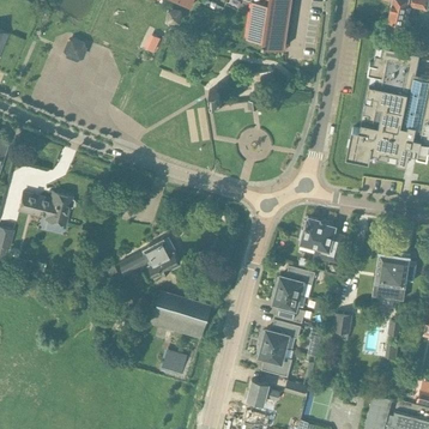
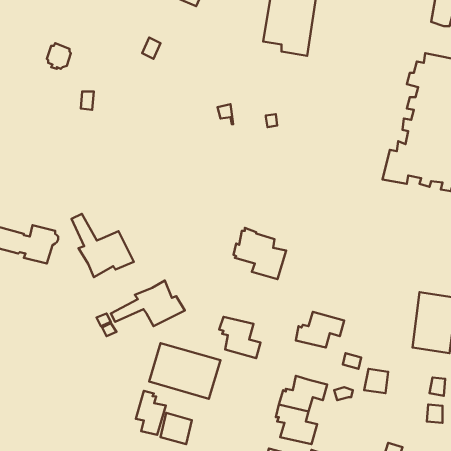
building: none -> [71,214,134,277]
building: [300,218,344,261] -> [233,228,286,279]
building: [271,290,306,325] -> [219,317,261,358]
building: none -> [136,391,166,435]

